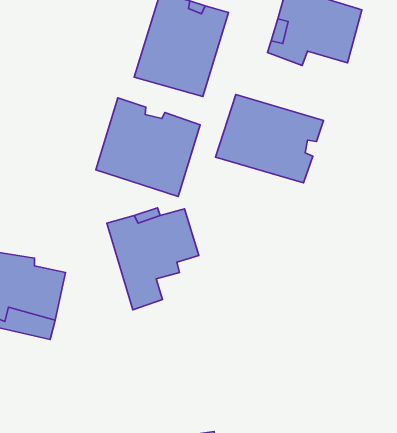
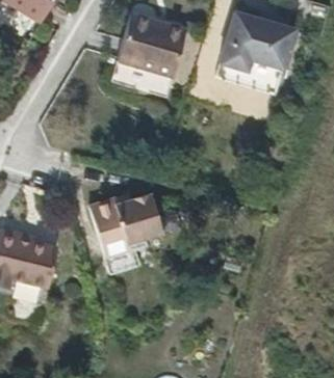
building: [216,95,323,183] -> none
building: [96,98,200,197] -> none

